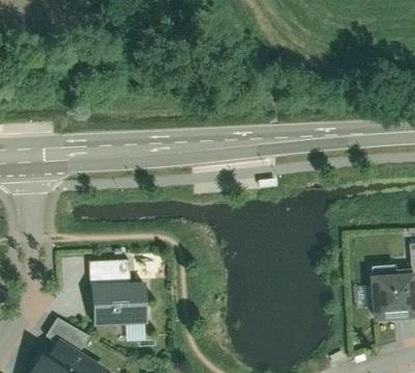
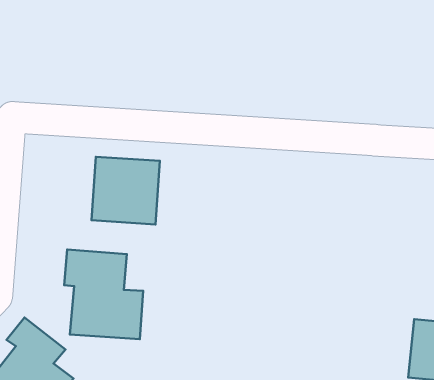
building: none -> [92,157,160,224]

